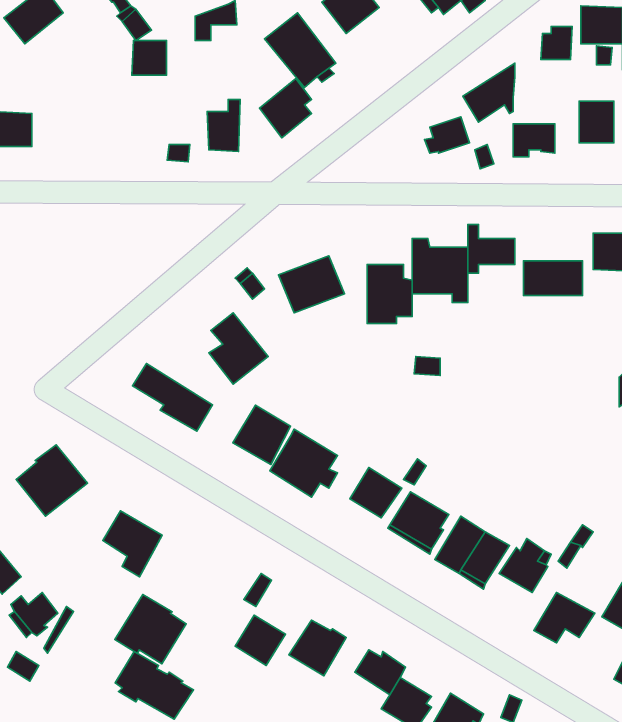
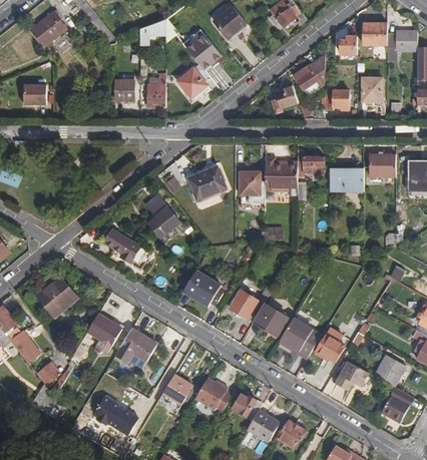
building: [132,40,166,75] -> [115,79,135,99]
building: [233,405,291,465] -> none
building: [115,594,186,664] -> [115,328,156,368]

